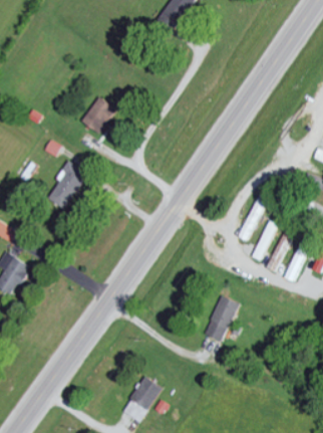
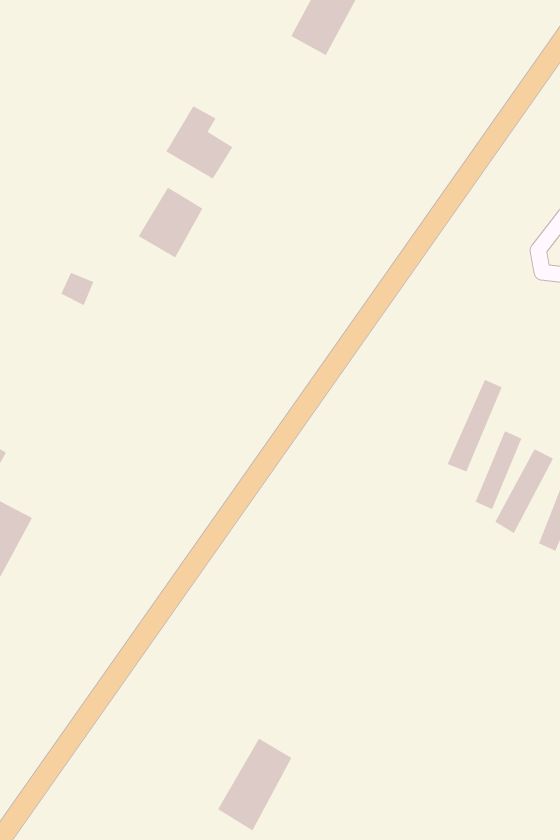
building: none -> [165,106,233,180]
building: [51,160,88,205] -> none
building: [205,295,239,342] -> none

